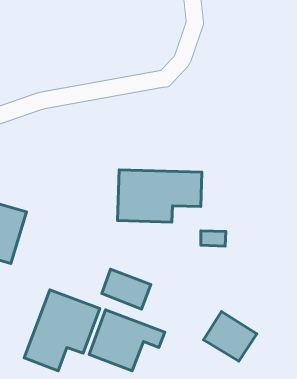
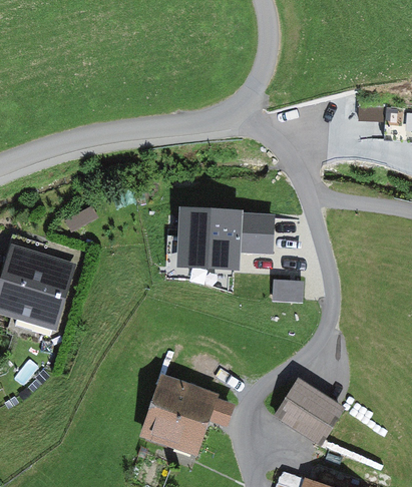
building: [102,269,151,309] -> none
building: [24,290,100,371] -> none

